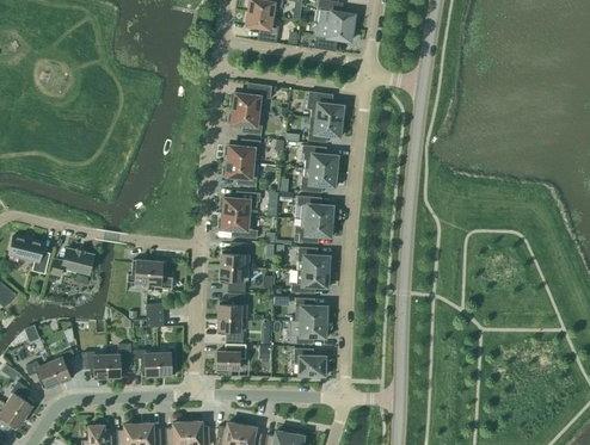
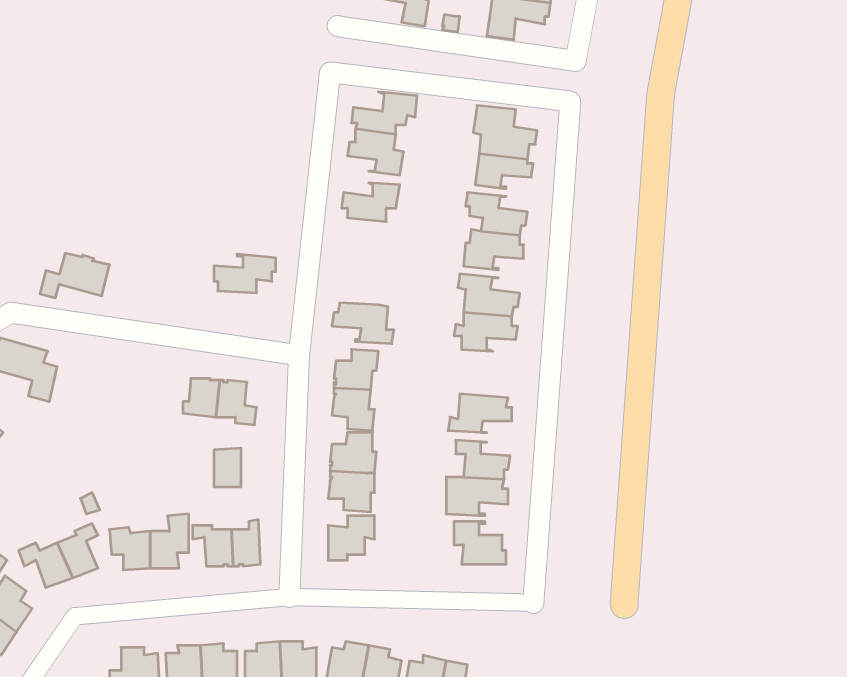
building: [225,161,259,186] -> none
building: [222,191,260,215] -> [214,254,276,293]
building: [299,247,332,272] -> none
building: [51,248,94,276] -> [40,253,110,298]

